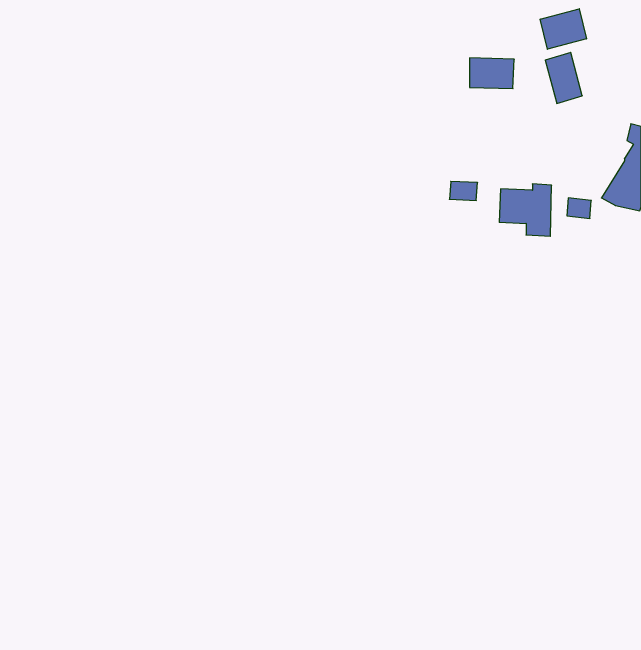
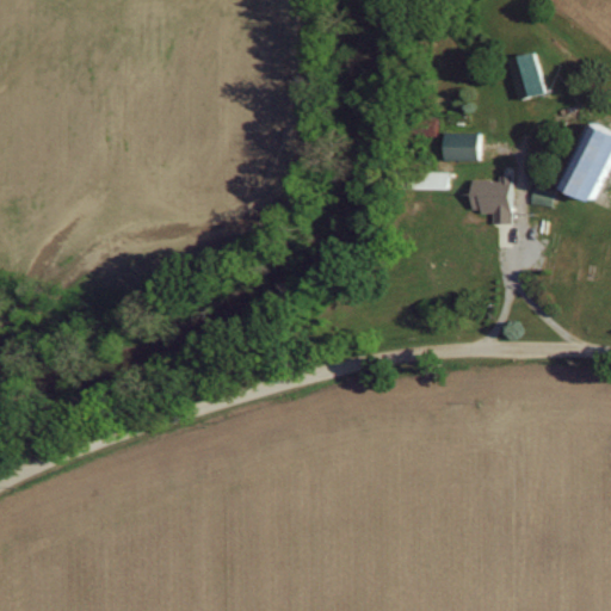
building: [540,9,586,49] -> none
building: [470,58,514,89] -> [440,131,482,160]

